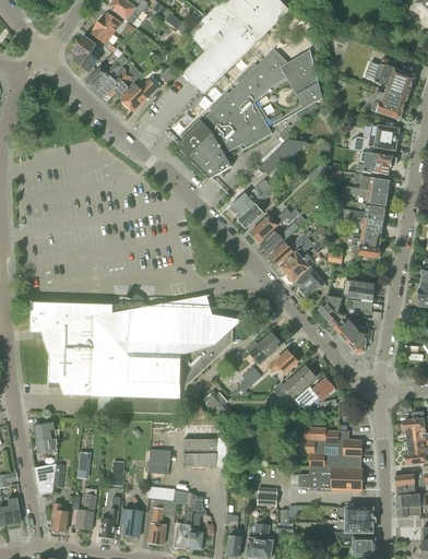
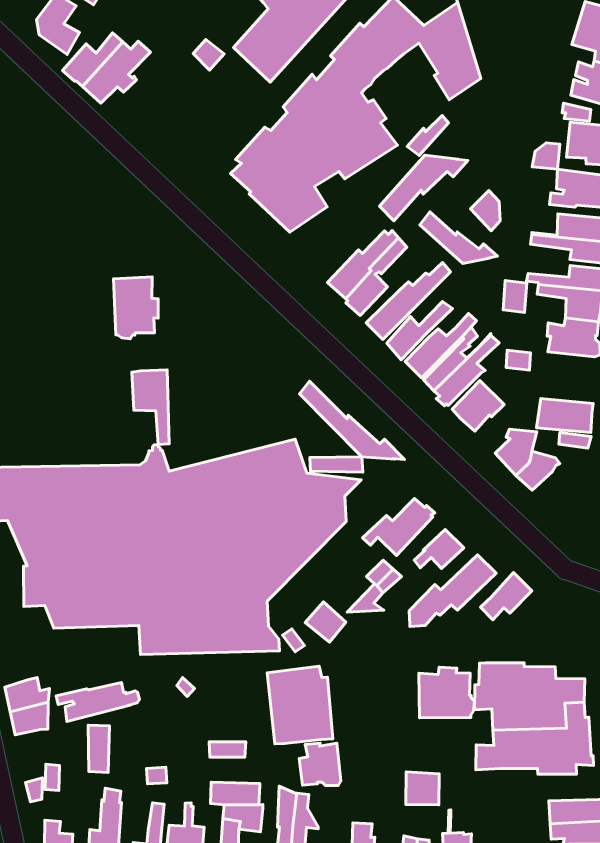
building: [120,79,156,110] -> none
building: none -> [420,212,497,264]
building: none -> [113,277,158,339]
building: none -> [132,370,169,445]
building: none -> [299,381,404,459]
building: [337,318,367,353] -> none
building: none -> [56,682,140,721]
building: none -> [419,667,475,718]
building: none -> [299,743,341,786]

